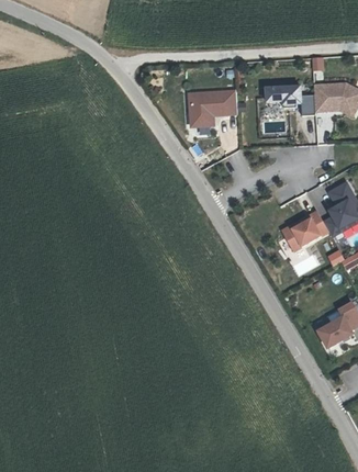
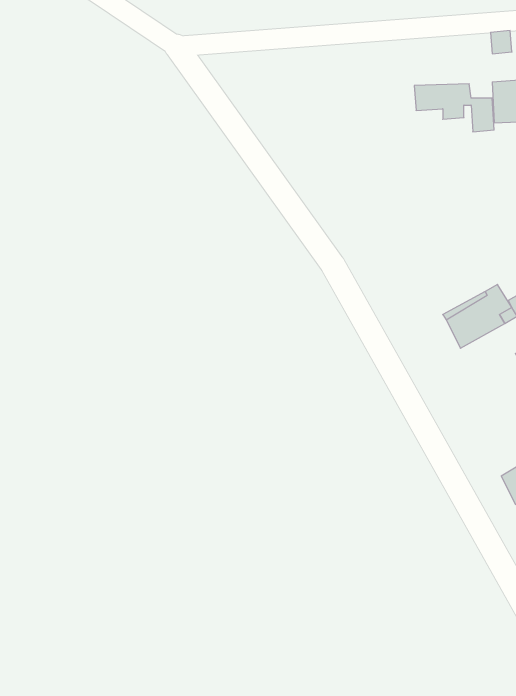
building: [189,92,237,127] -> none

